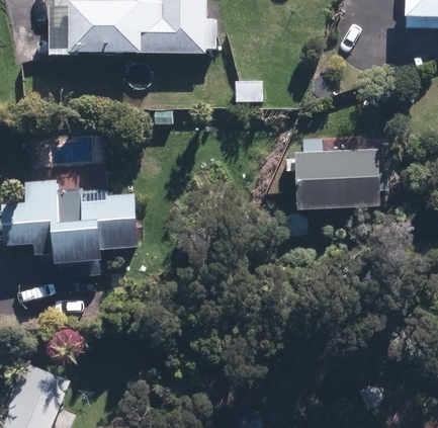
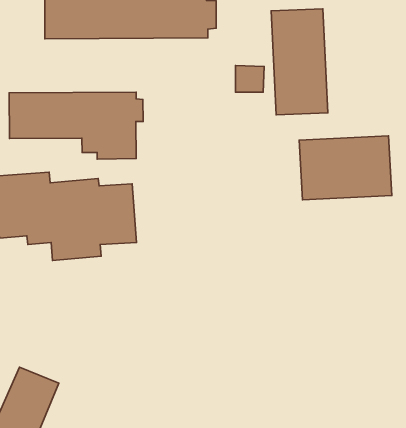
building: none -> [271,9,328,115]
building: none -> [9,92,143,159]

